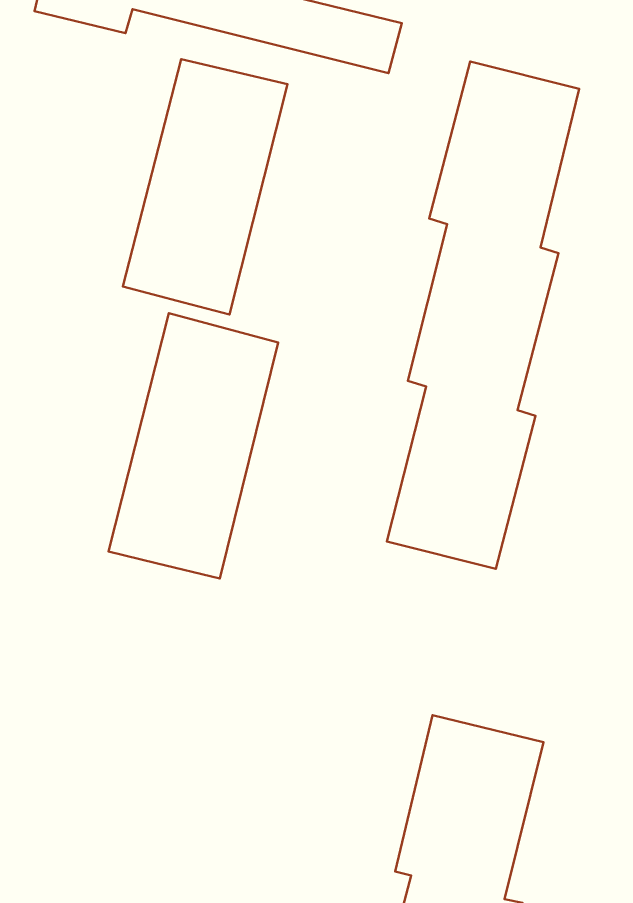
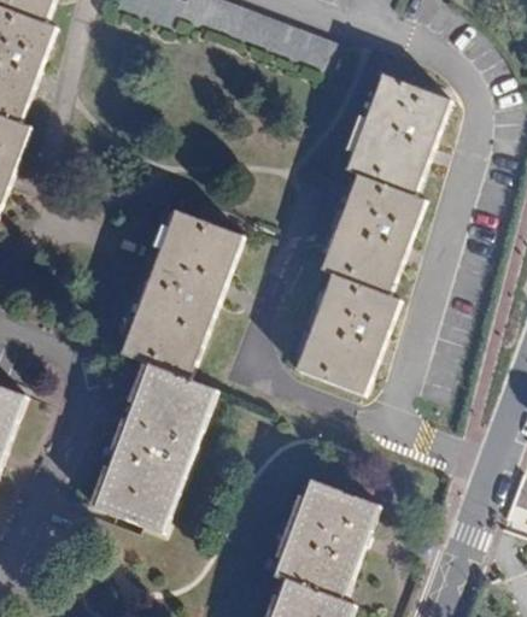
building: [123,59,287,314] -> none
building: none -> [94,364,215,531]

